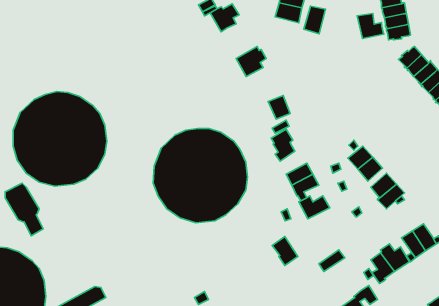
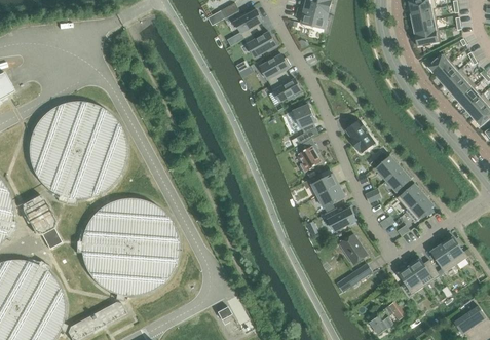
building: [304,6,325,34] -> none
building: [357,13,384,39] -> none
building: none -> [244,32,276,58]
building: none -> [270,75,303,102]
building: none -> [345,120,375,153]
building: [153,128,248,223] -> [80,196,178,294]
building: [272,237,298,265] -> [340,234,367,264]

